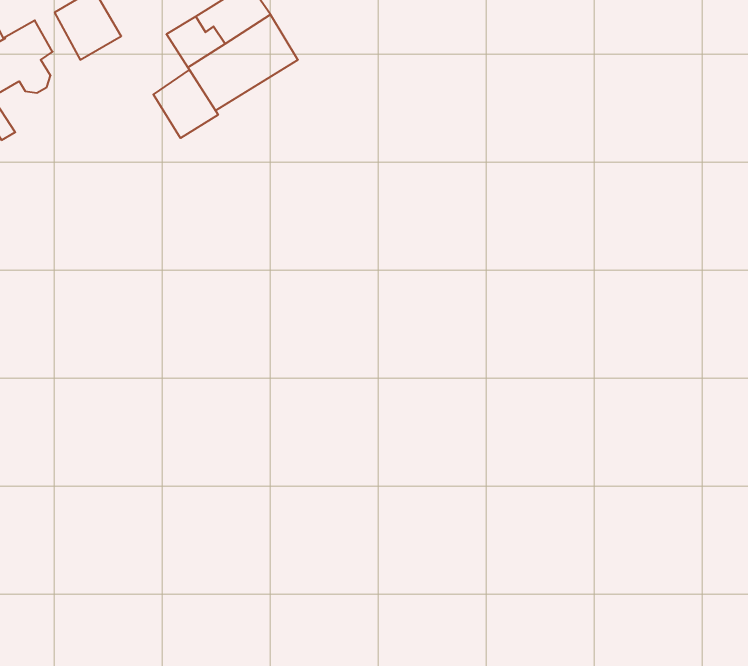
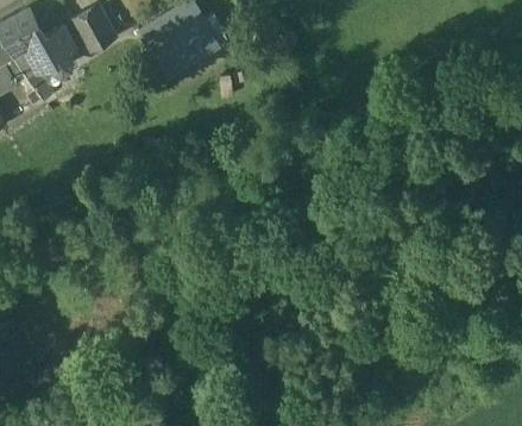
building: [153,70,218,138] -> none

